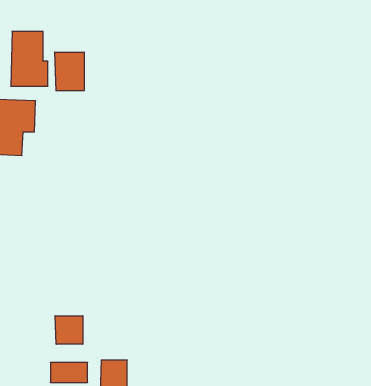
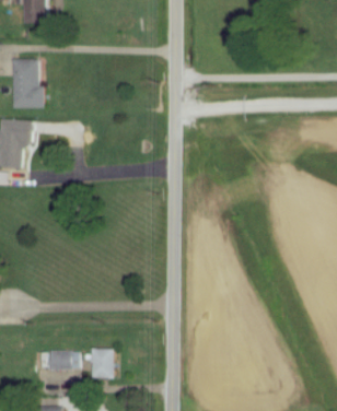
building: [55,52,84,91] -> none
building: [55,316,83,344] -> none

